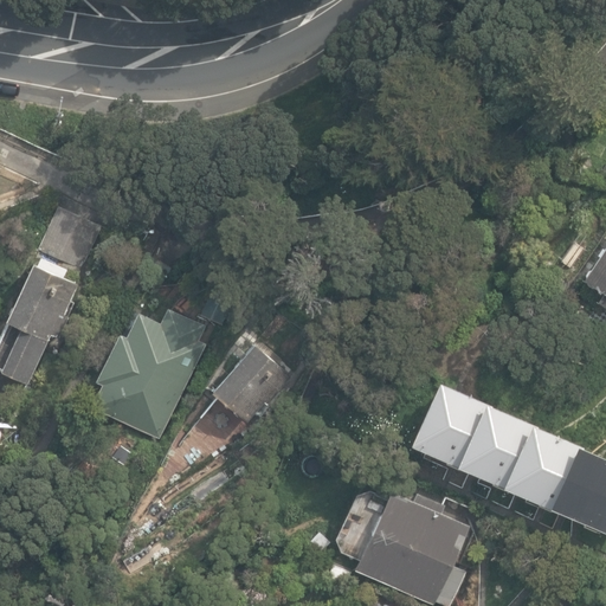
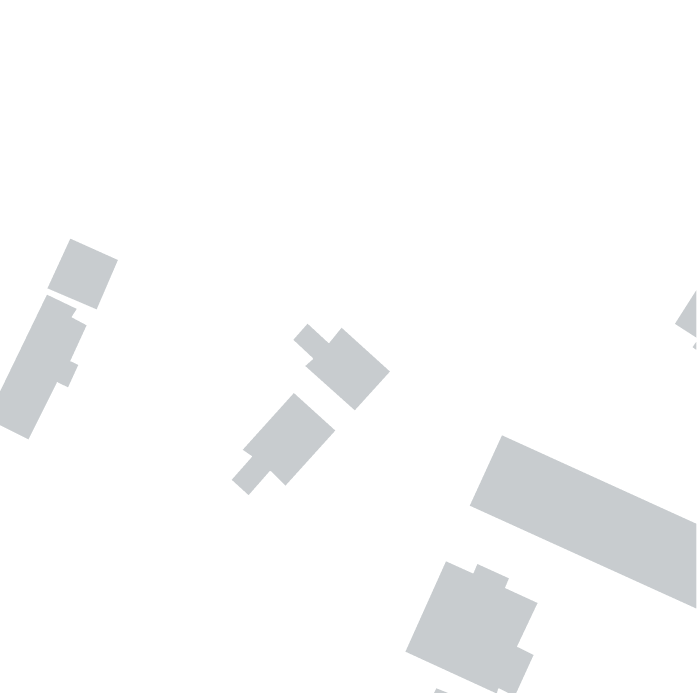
building: none -> [292,323,391,411]
building: [91,311,206,441] -> none

